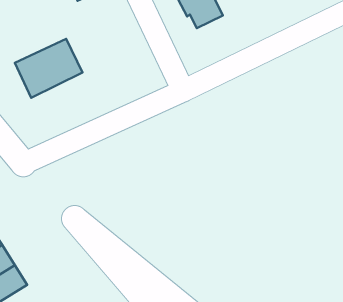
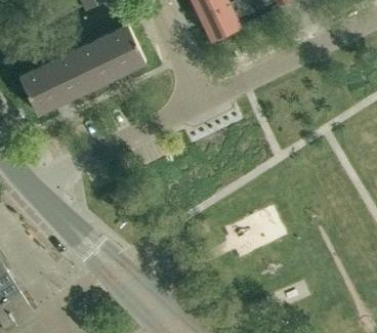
building: none -> [75,25,146,87]

